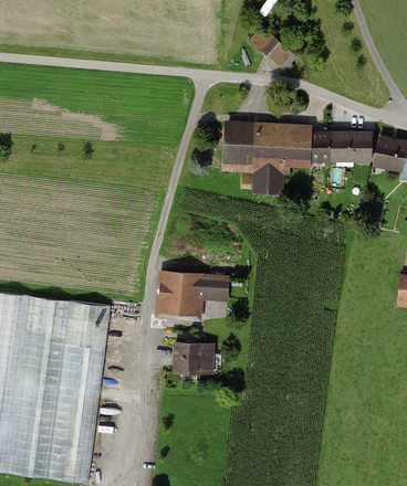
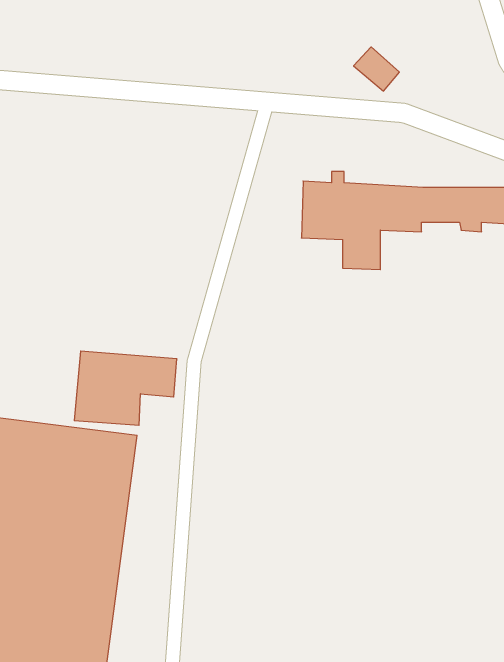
building: [155,270,227,321] -> [74,351,177,425]
building: [173,344,213,376] -> none

